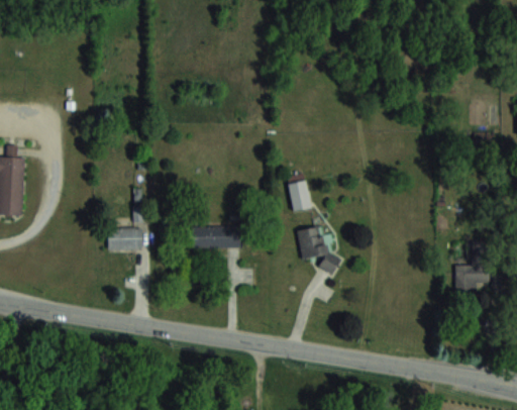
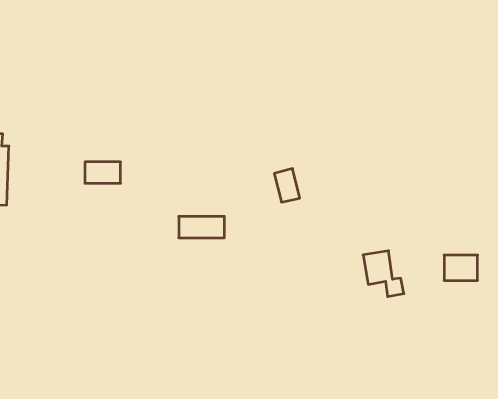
building: [297,227,337,273] -> [363,251,404,297]
building: [107,229,142,250] -> [85,162,121,183]

